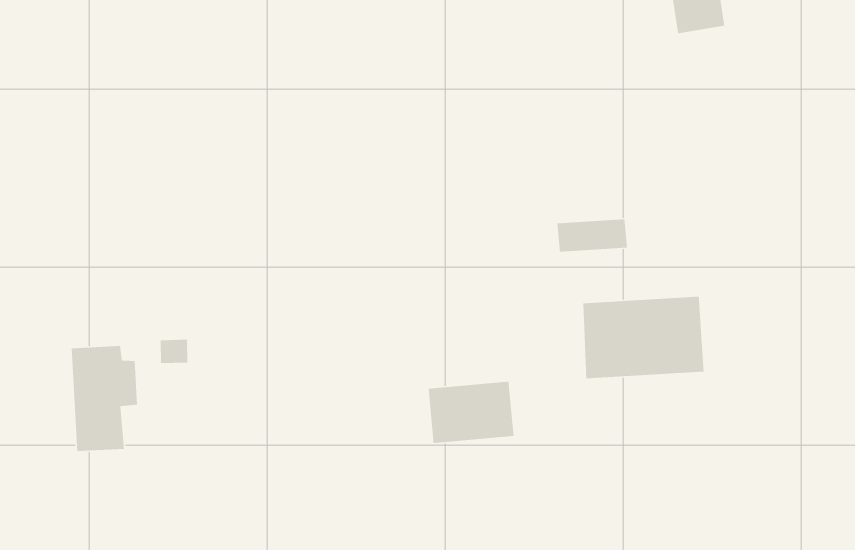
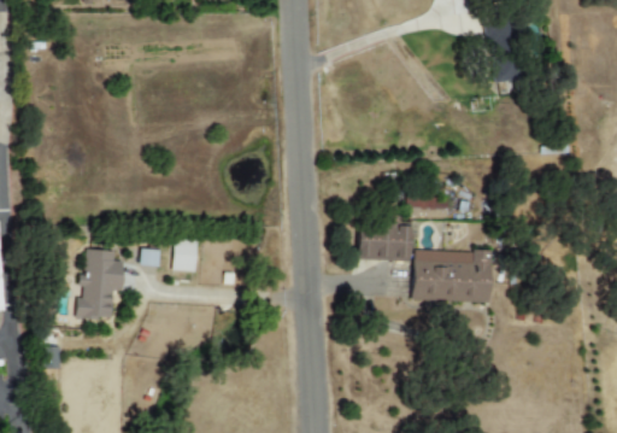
building: none -> [174,240,198,270]
building: [428,381,514,444] -> [358,223,411,259]

